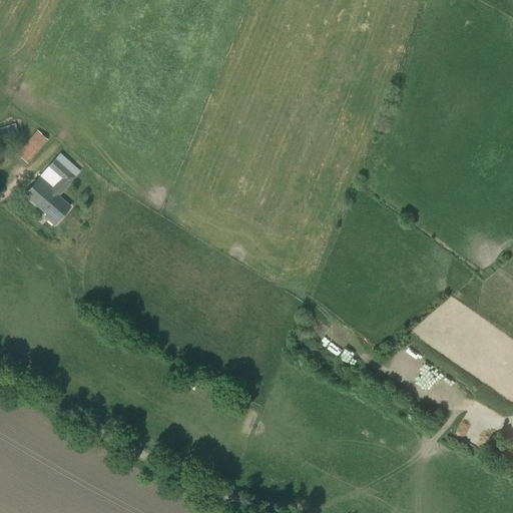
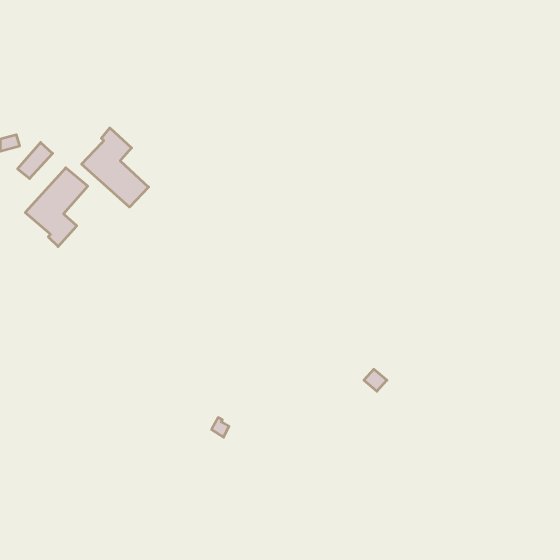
building: none -> [82,128,149,207]

